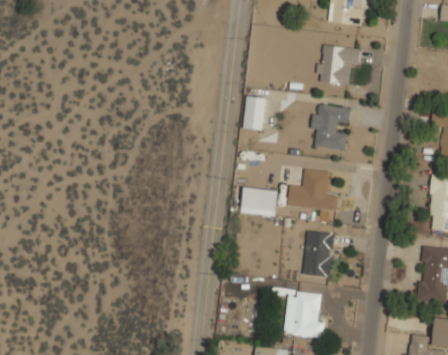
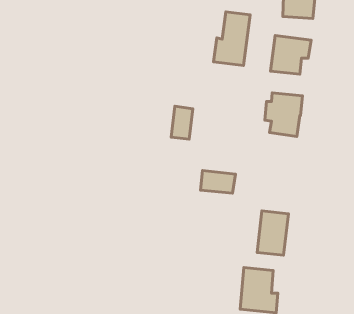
building: none -> [214,12,250,65]
building: [244,96,267,131] -> [171,106,193,139]
building: [289,170,338,209] -> none

